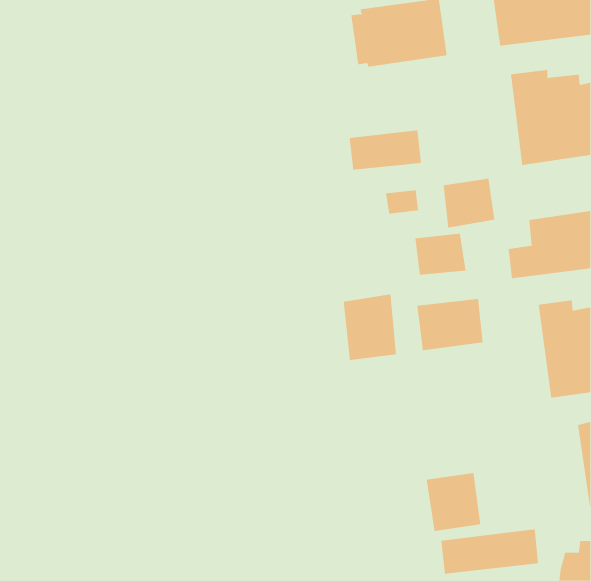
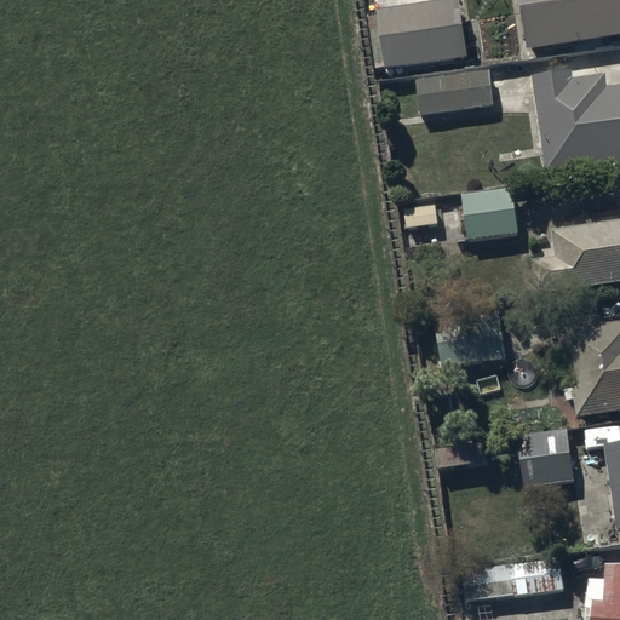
building: [349,130,422,170] -> [417,69,493,111]
building: [415,233,466,276] -> none
building: [343,294,397,361] -> none
building: [426,472,481,531] -> [517,426,575,488]

